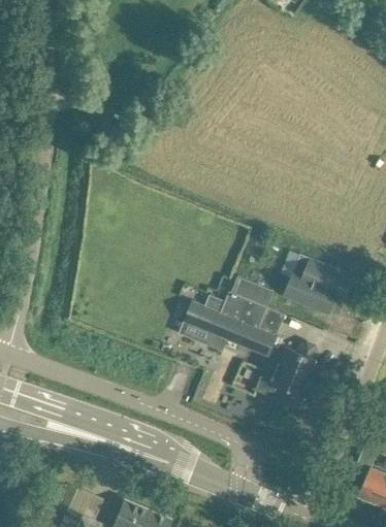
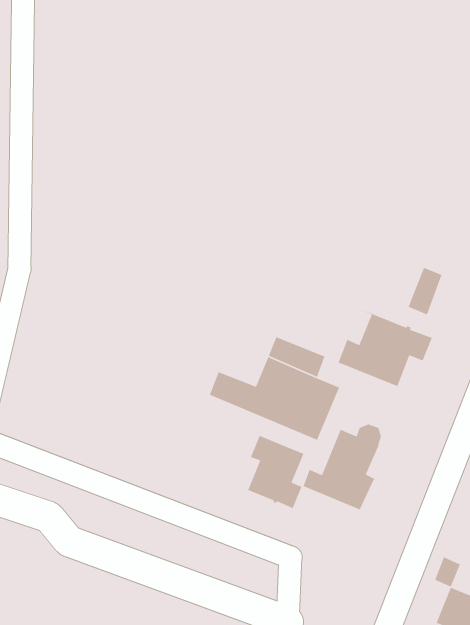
building: none -> [408,267,442,316]
building: none -> [238,435,305,509]

